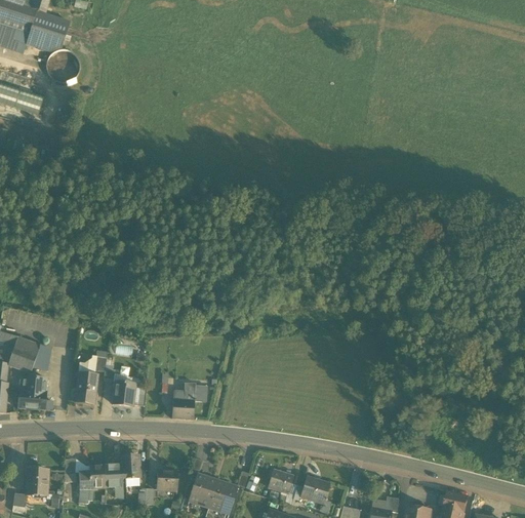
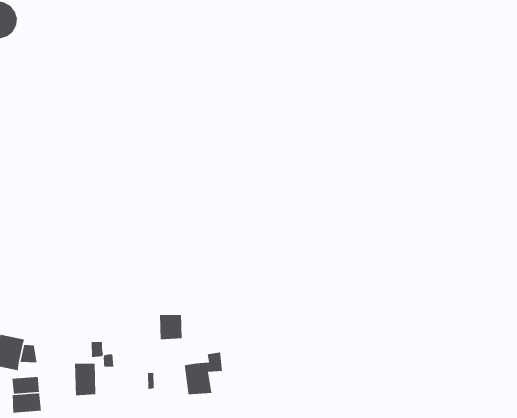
building: [112,381,134,405] -> [159,314,182,340]

